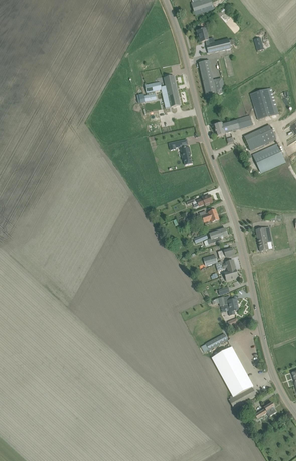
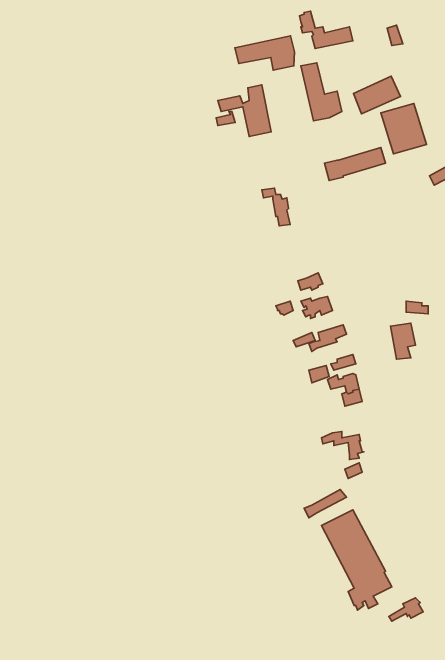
building: none -> [235,36,294,70]
building: [244,125,274,149] -> [354,76,401,114]
building: [251,142,284,172] -> none

